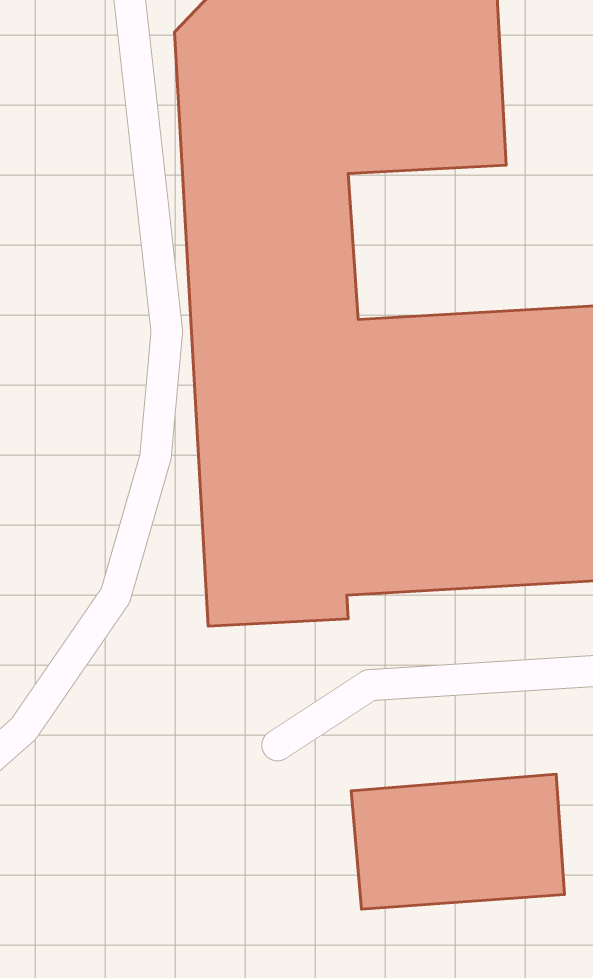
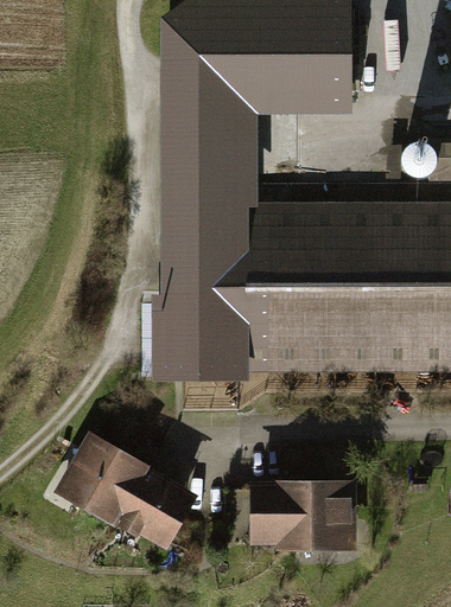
building: none -> [62,433,202,551]

